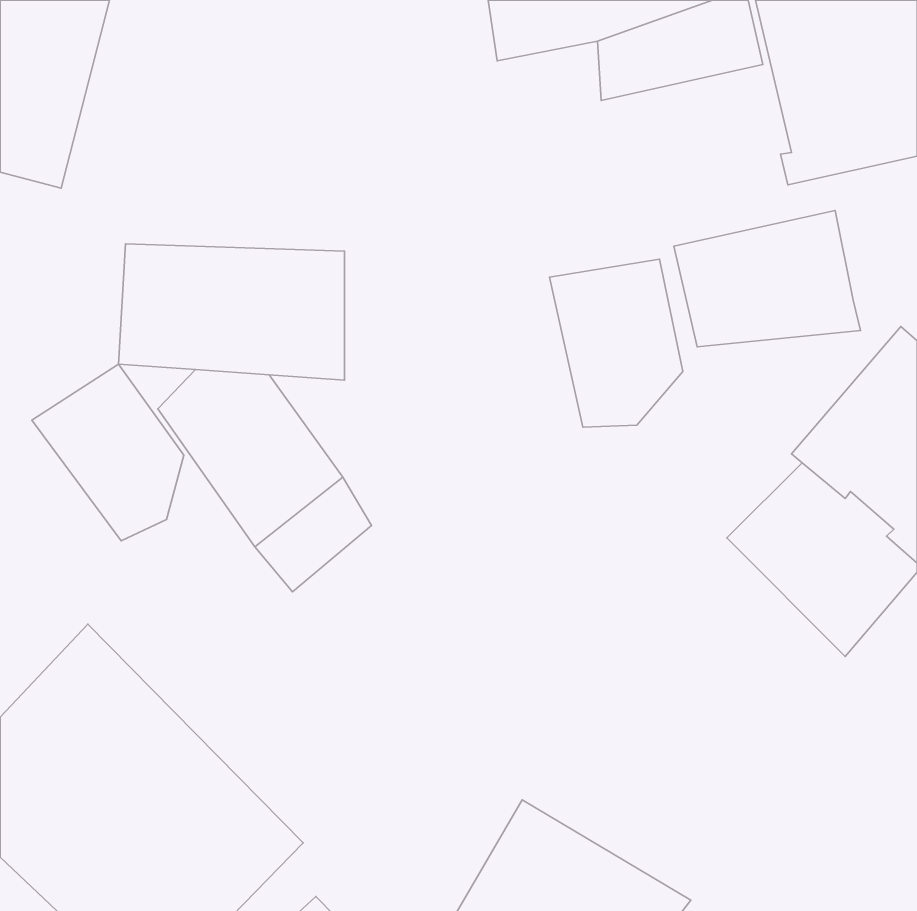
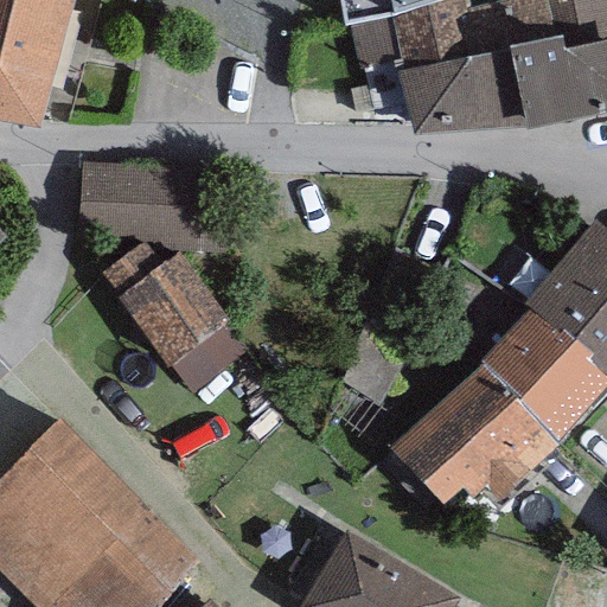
building: [674,210,860,347] -> [397,46,520,136]
building: [549,259,683,427] -> none
building: [32,364,184,541] -> none
building: none -> [391,364,556,503]

